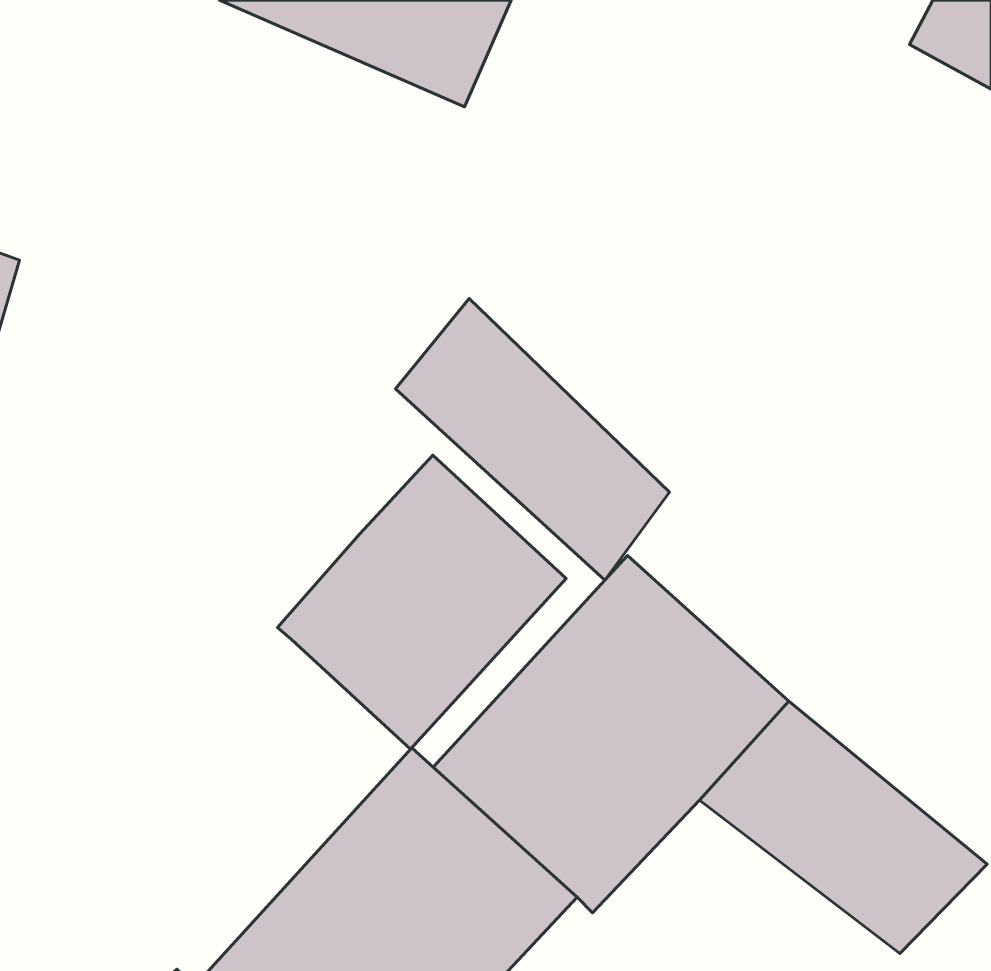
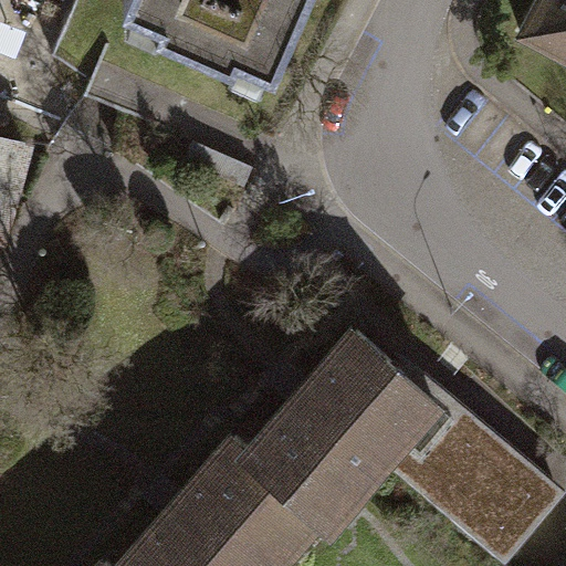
building: [396,299,670,580] -> none
building: [277,455,566,749] -> none

